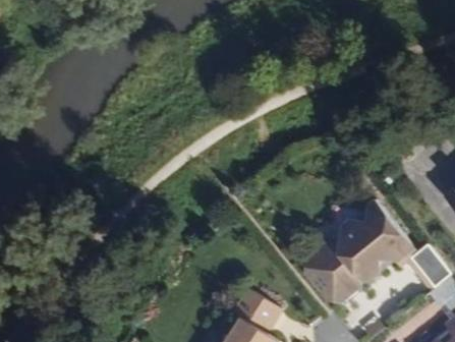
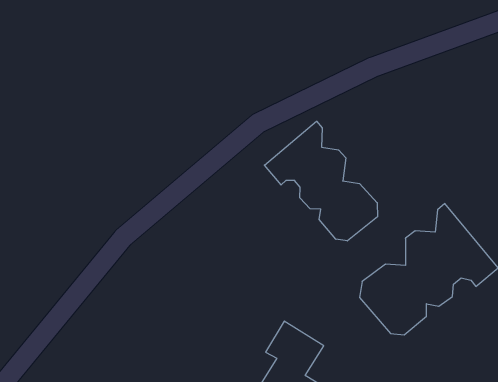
building: none -> [264,121,378,241]

